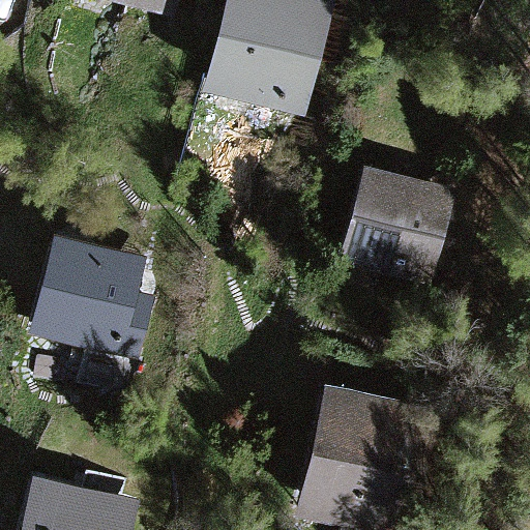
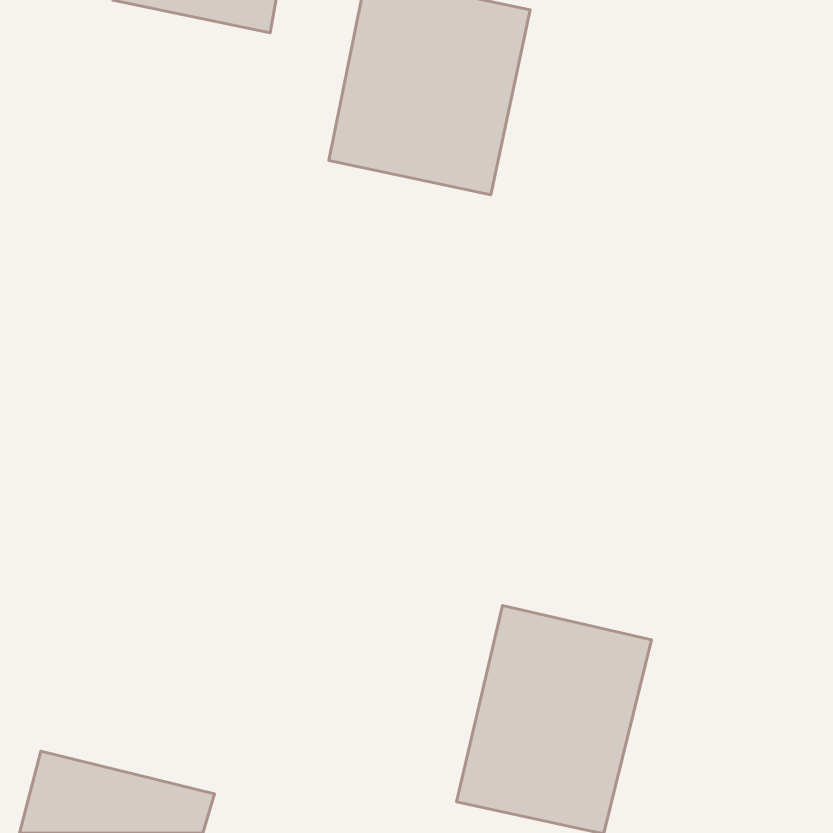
building: [340,164,454,279] -> none
building: [45,246,155,355] -> none

